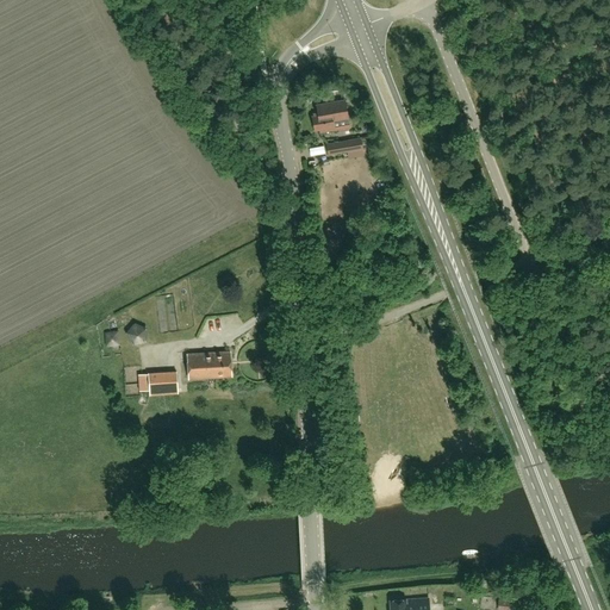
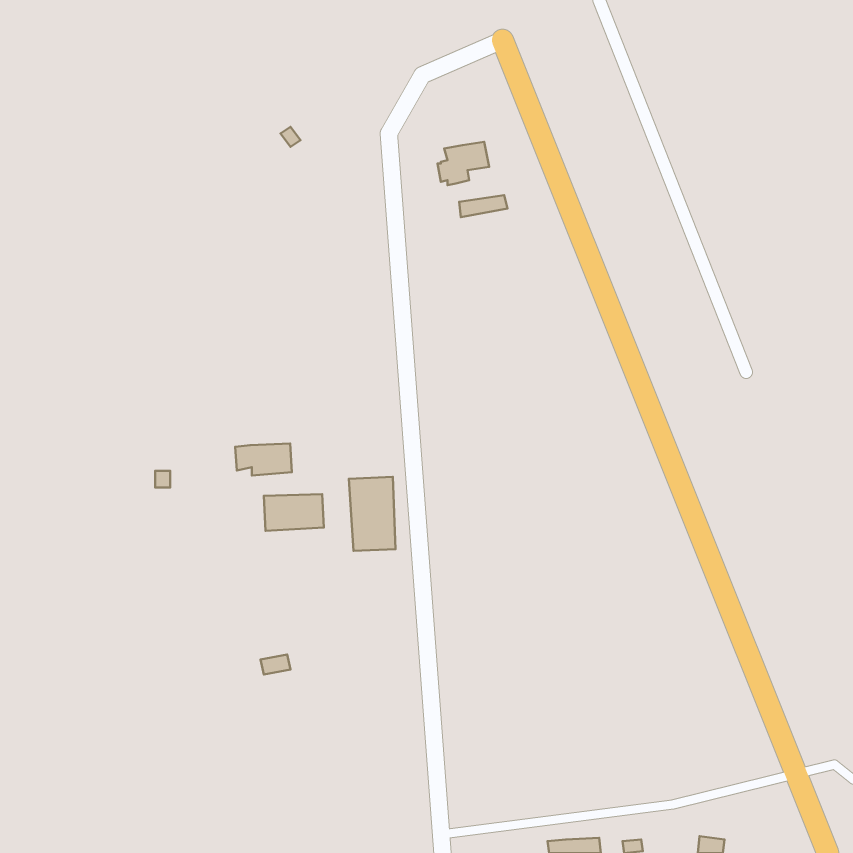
building: none -> [349,477,396,551]
building: [137,373,178,396] -> [235,444,292,475]

